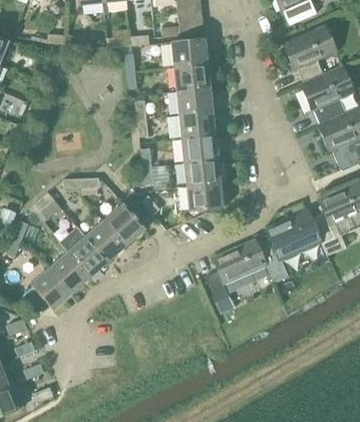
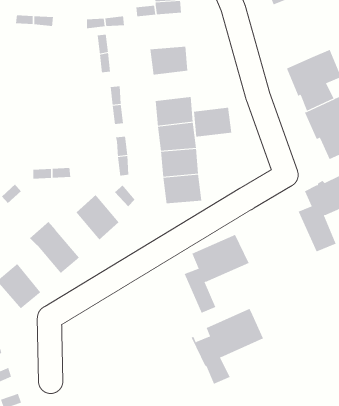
building: [283,26,336,84] -> none
building: [170,39,208,67] -> none
building: [176,87,213,115] -> [193,107,232,137]
building: [254,213,322,284] -> [191,308,264,385]
building: [86,220,126,262] -> none
building: [50,251,90,294] -> none

